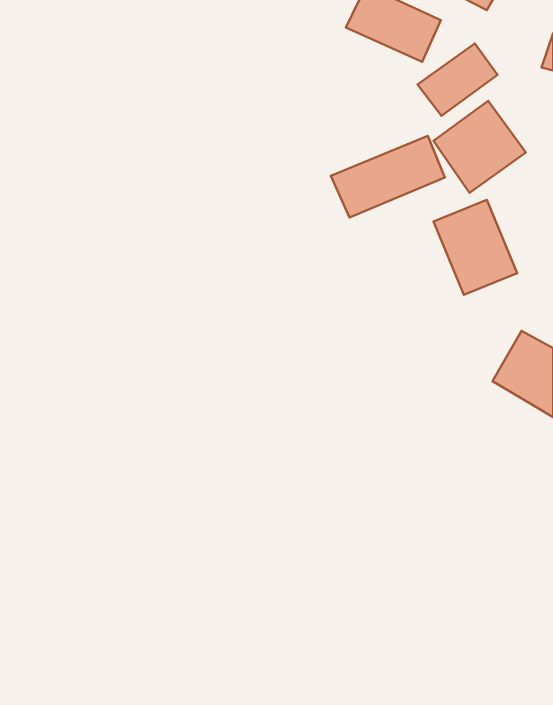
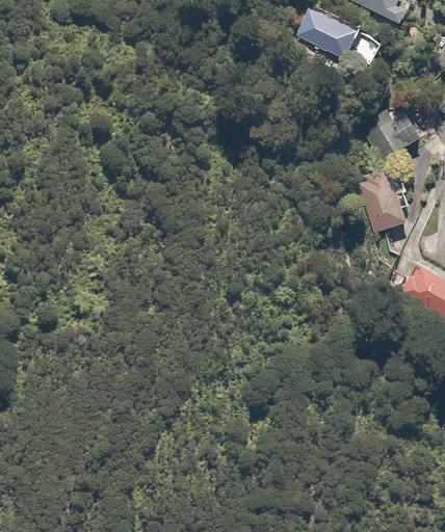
building: [418,43,497,116] -> none
building: [331,136,445,217] -> none

